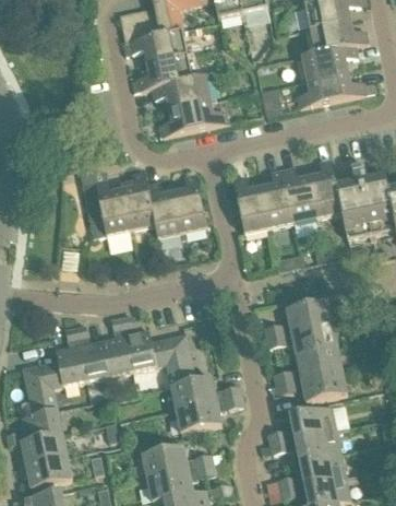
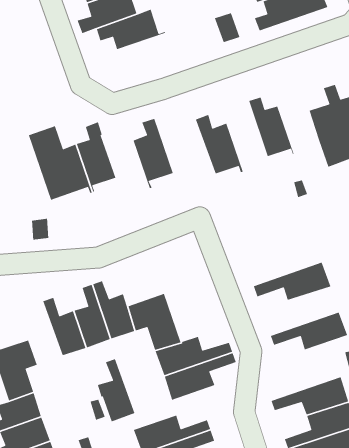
building: [159,99,228,137] -> none
building: [309,158,341,223] -> none
building: [261,169,293,234] -> none
building: [146,183,183,239] -> none
building: [264,301,332,338] -> none
building: [55,328,86,386] -> [97,358,135,423]
building: [274,348,341,385] -> none
building: [267,407,336,444] -> none

